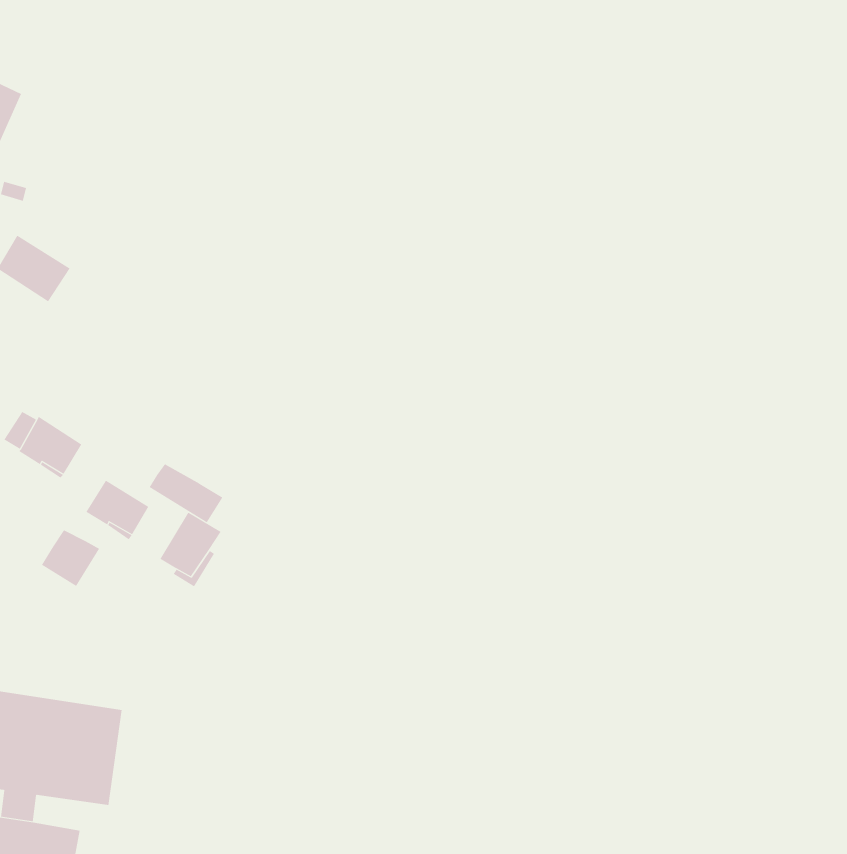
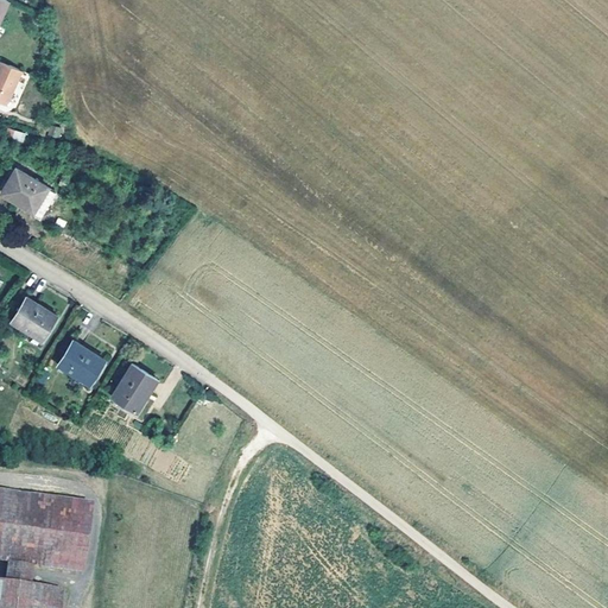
building: [149,463,223,523] -> none
building: [41,529,100,587] -> none

